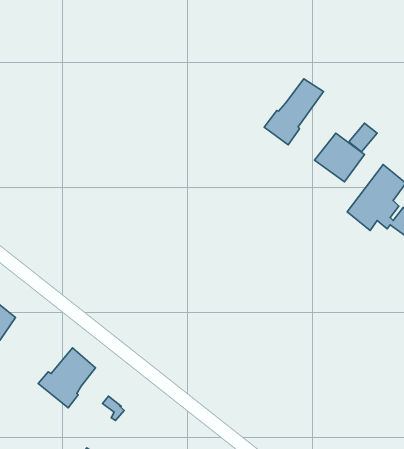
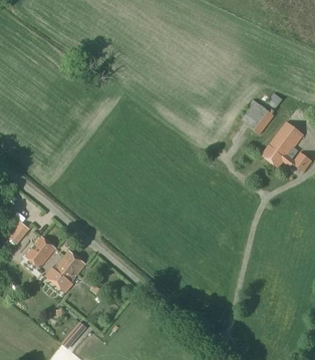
building: [264,79,324,145] -> none
building: none -> [24,237,54,269]

